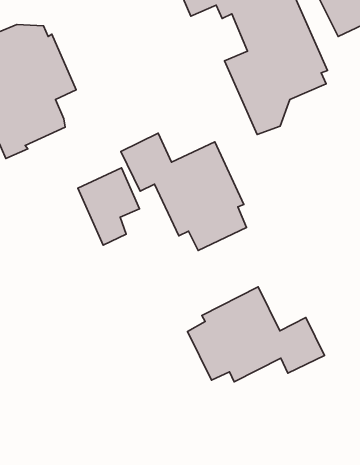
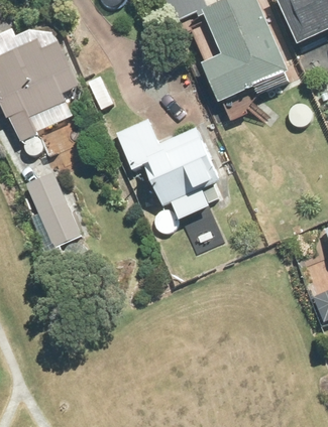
building: [78,168,140,245] -> [29,200,81,265]
building: [187,287,324,382] -> none

